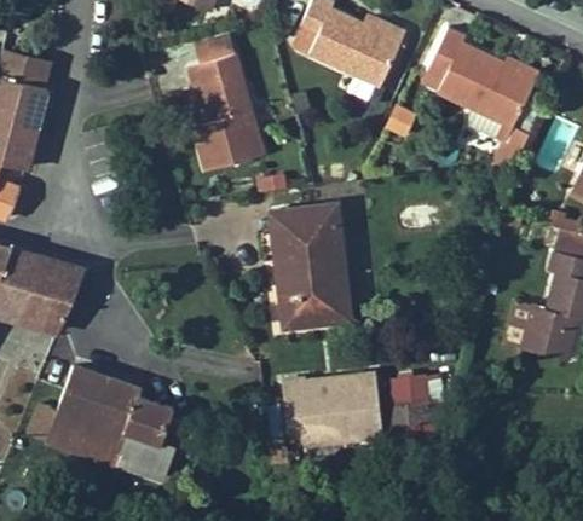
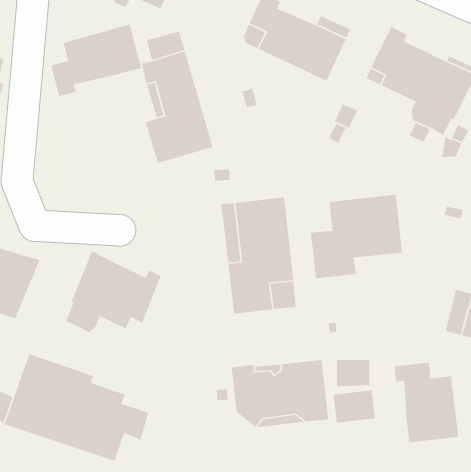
building: none -> [50,24,142,97]
building: none -> [310,194,403,279]
building: none -> [65,250,162,333]
building: none -> [394,362,459,443]

